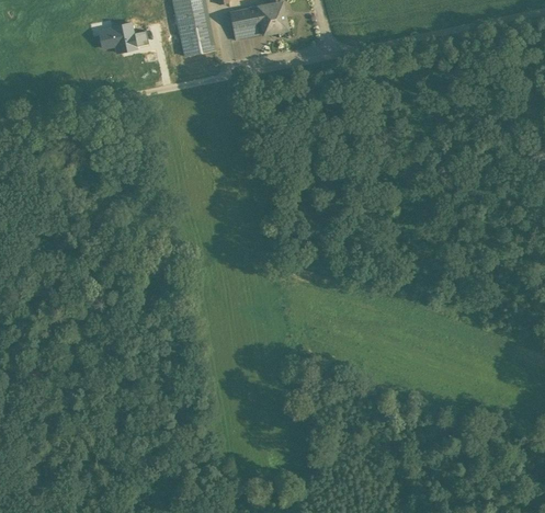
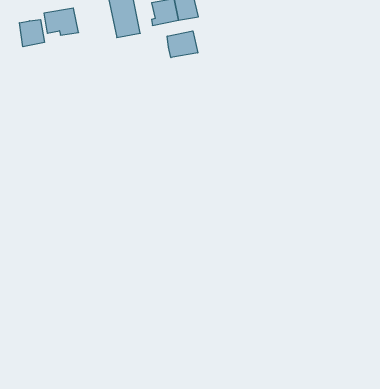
building: none -> [19,20,44,47]
building: none -> [167,31,198,58]

